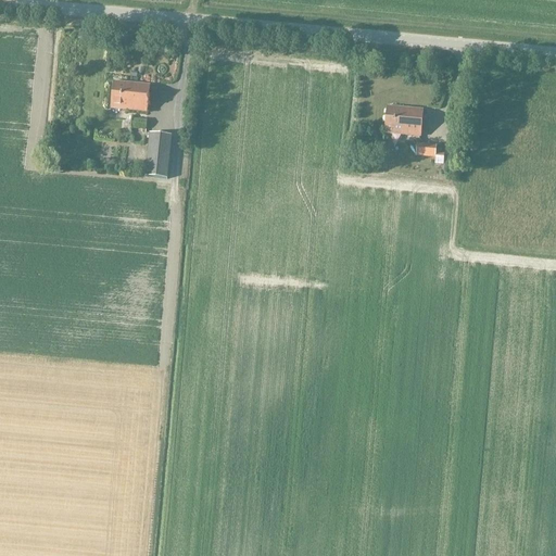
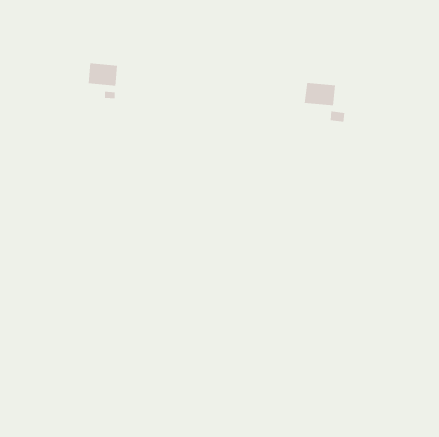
building: [143,130,172,177] -> none

